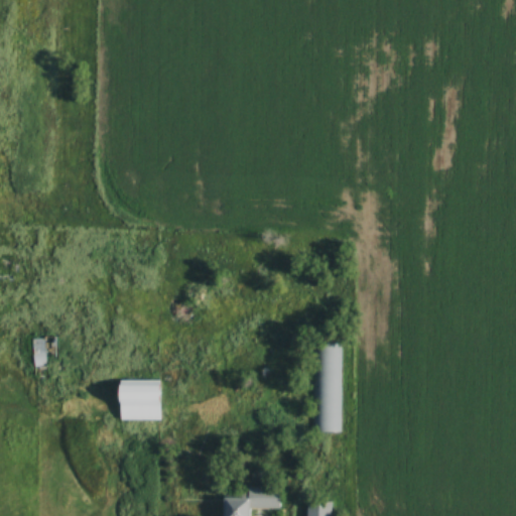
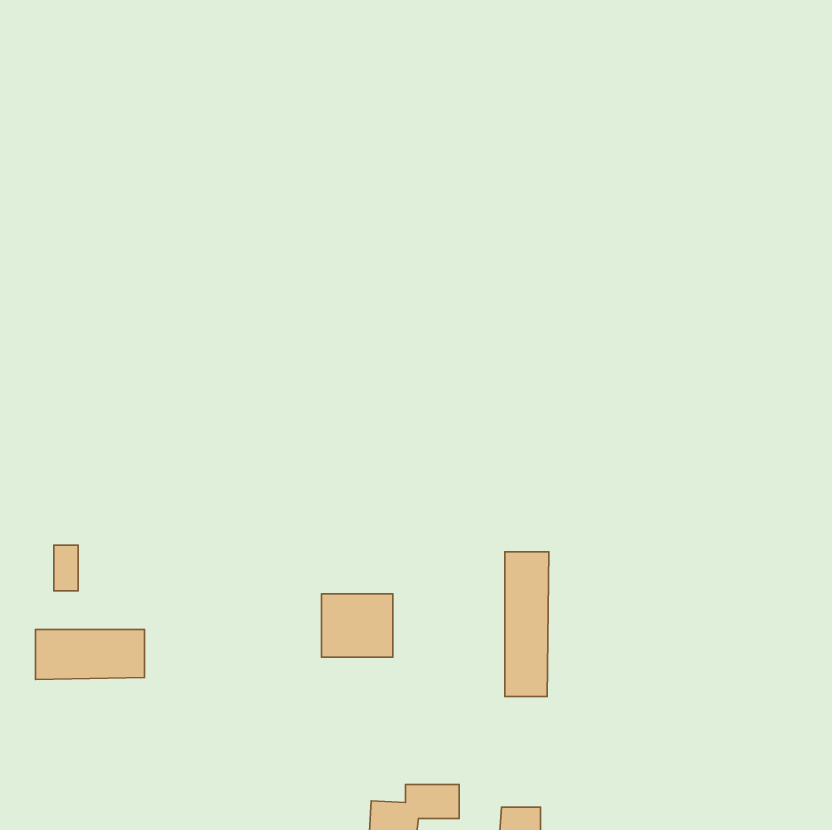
building: [122,381,166,420] -> [321,594,393,657]
building: none -> [35,629,145,679]

